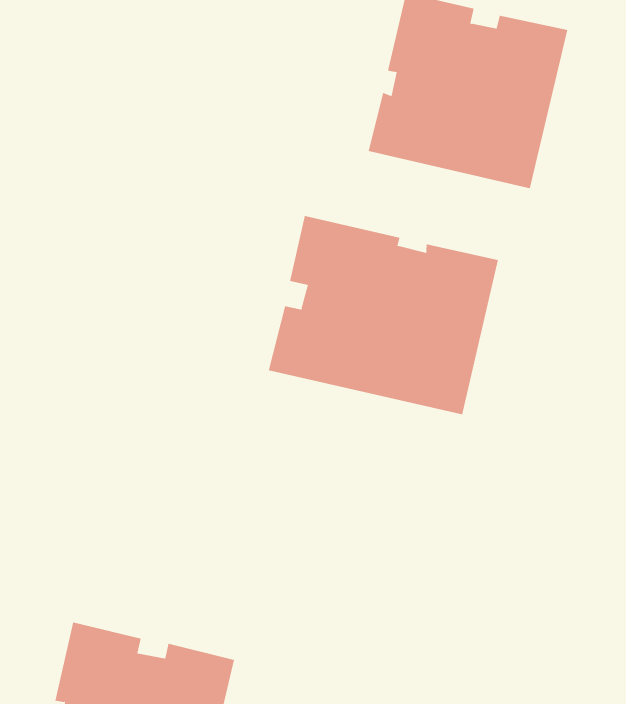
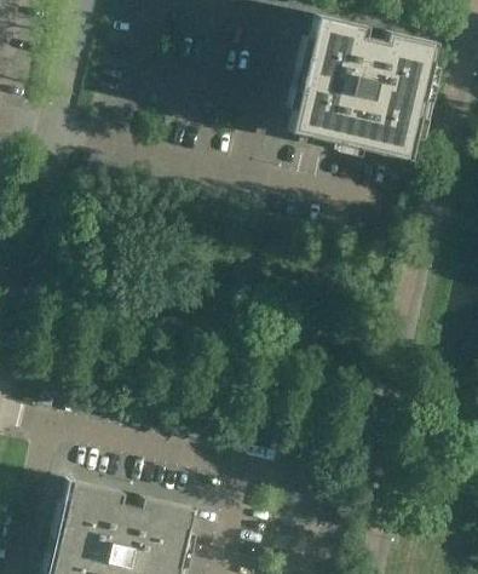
building: [268,215,499,415] -> none

